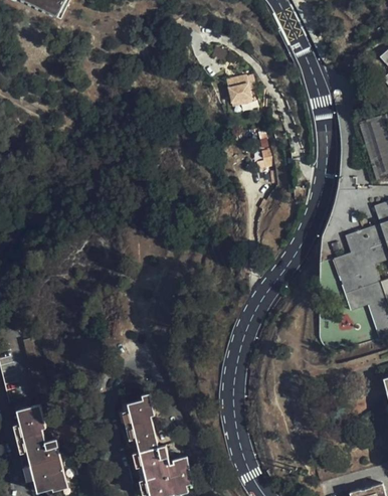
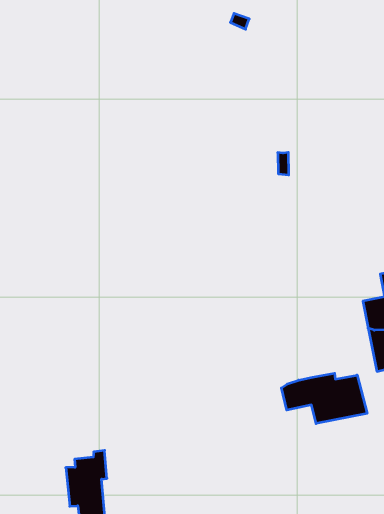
building: [230,79,255,110] -> none
building: none -> [281,373,367,424]

